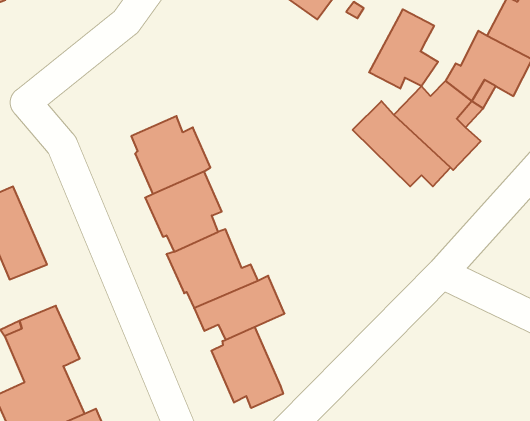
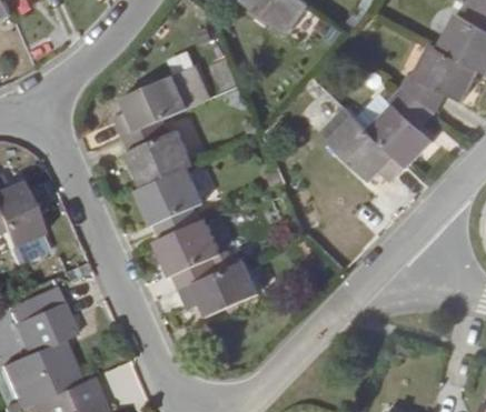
building: [369,9,438,89] -> none
building: none -> [112,67,209,138]
building: [211,327,283,408] -> none

